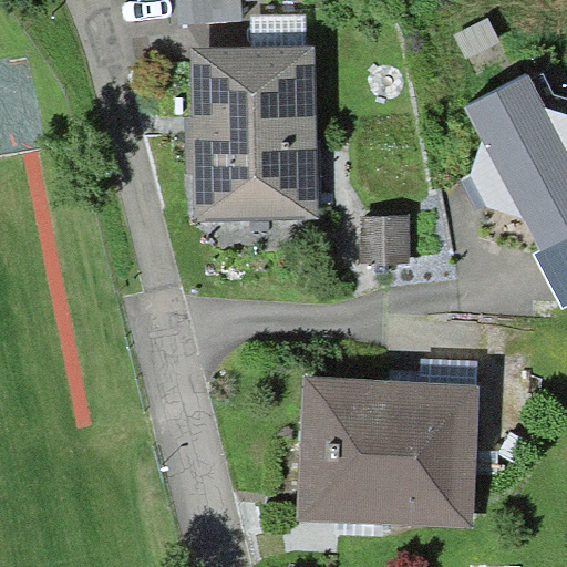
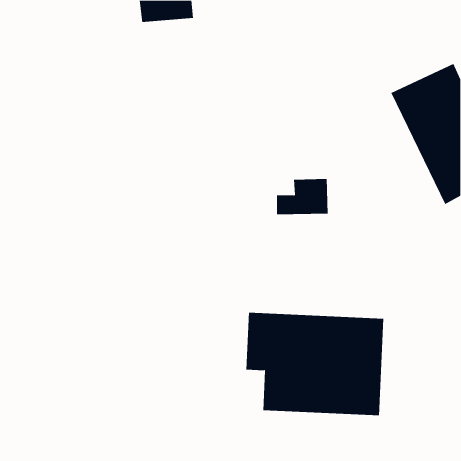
building: [197,58,301,213] -> none

